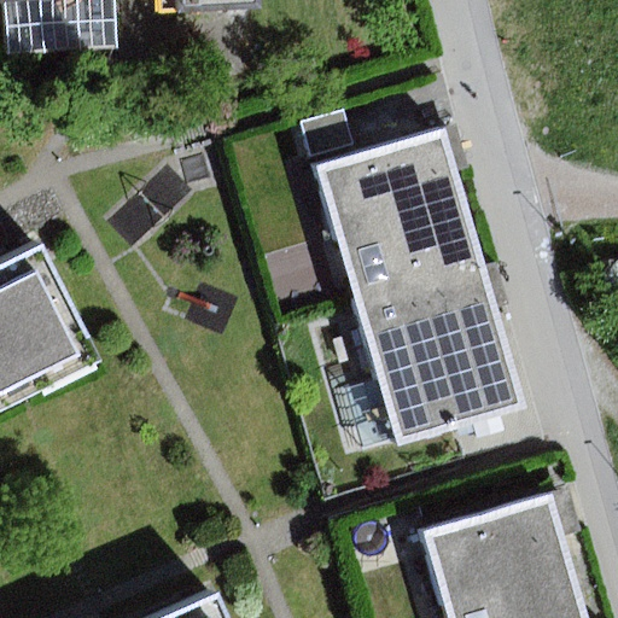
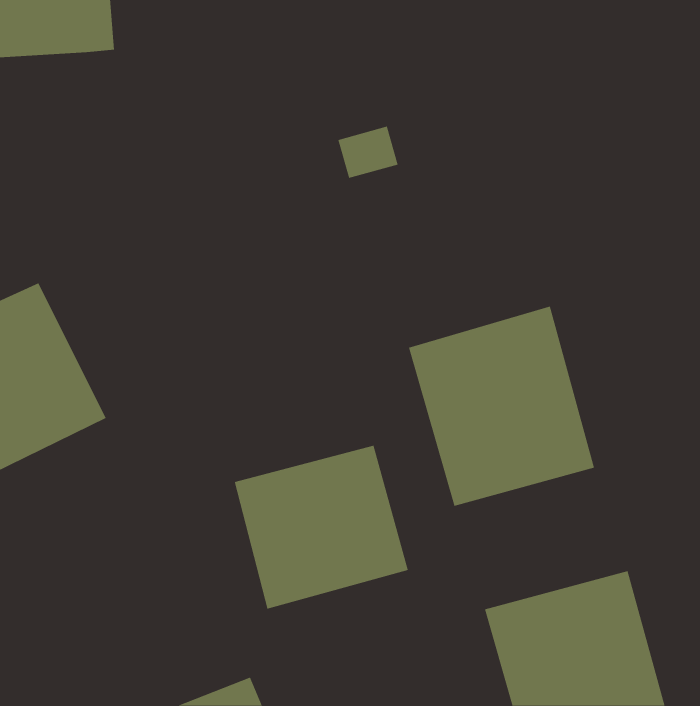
building: [316,132,480,303] -> none
building: none -> [234,445,408,609]

